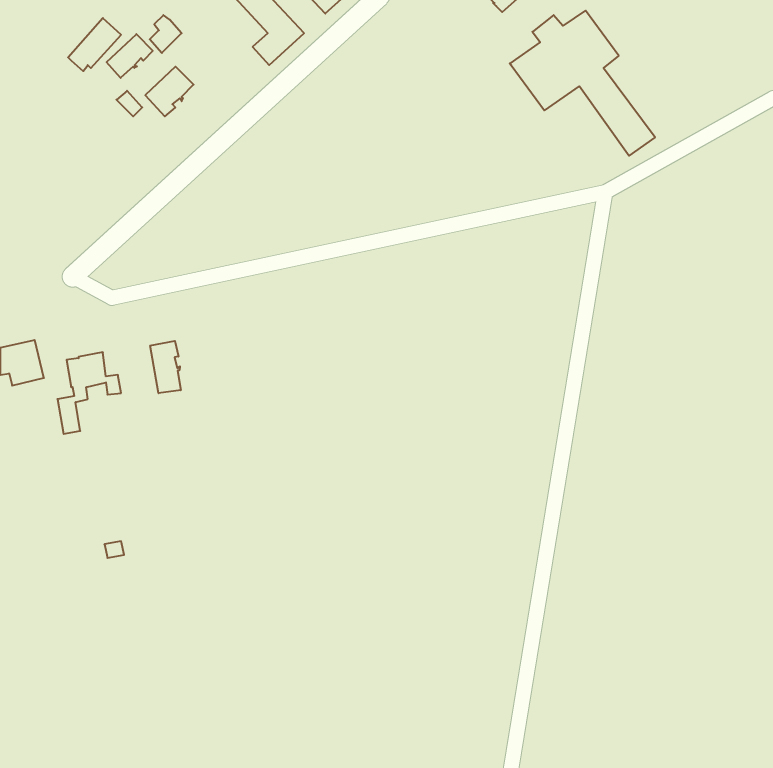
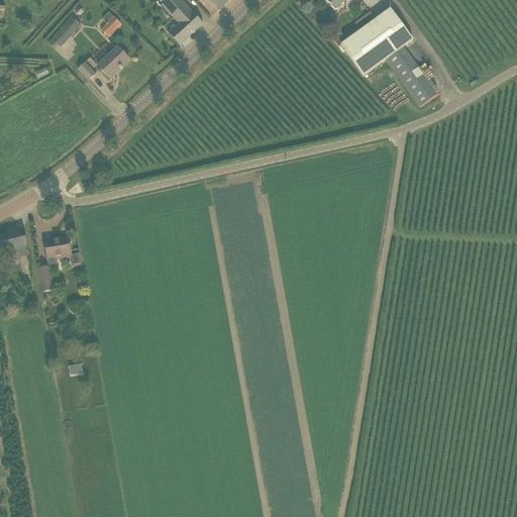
building: [107,34,153,78] -> none
building: [150,341,181,393] -> none

